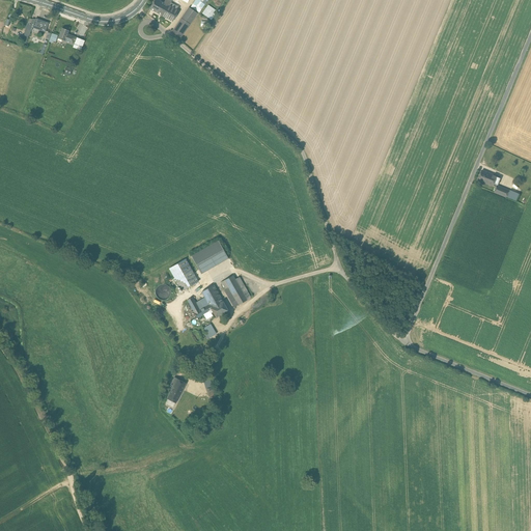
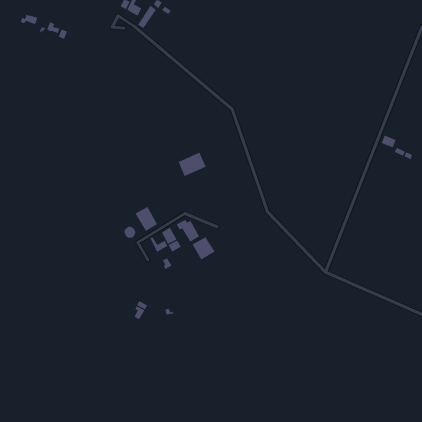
building: [190,241,226,272] -> [178,152,207,177]
building: none -> [192,236,215,261]

